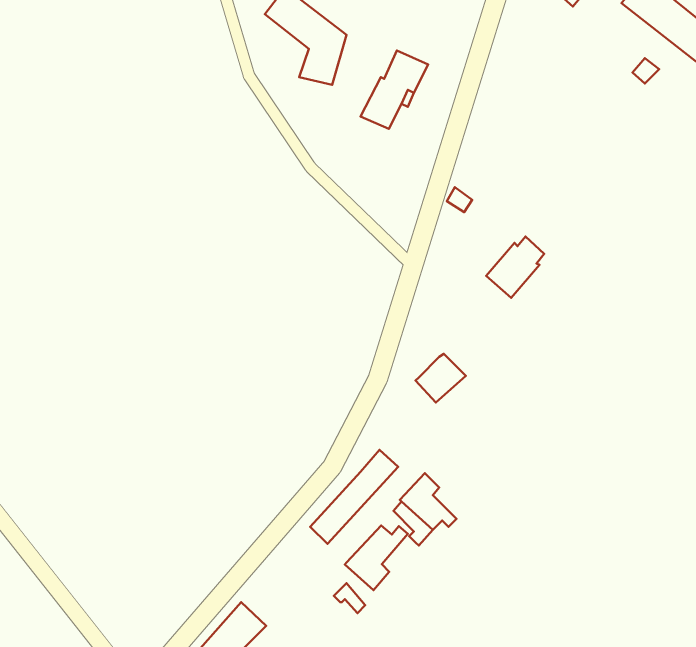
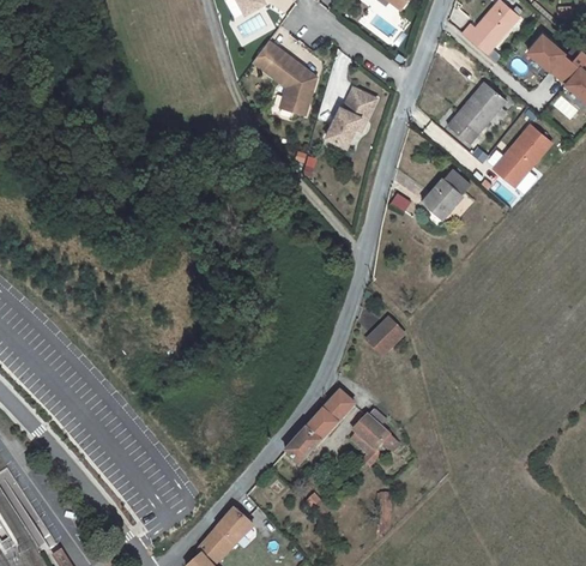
building: none -> [448,82,506,144]
building: none -> [490,121,554,186]
building: [486,237,544,298] -> [422,171,466,218]
building: [345,525,408,590] -> none

